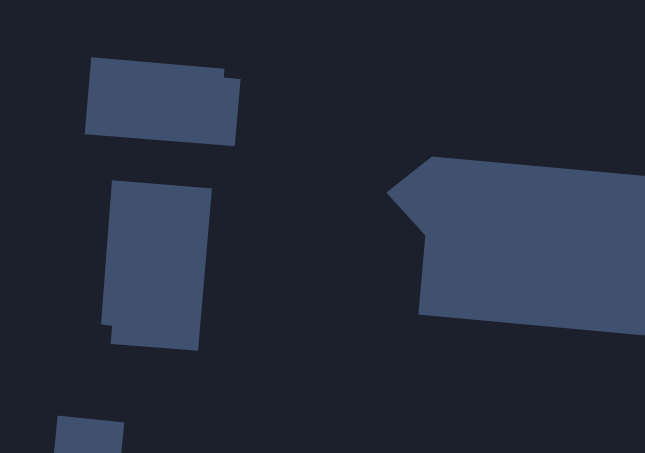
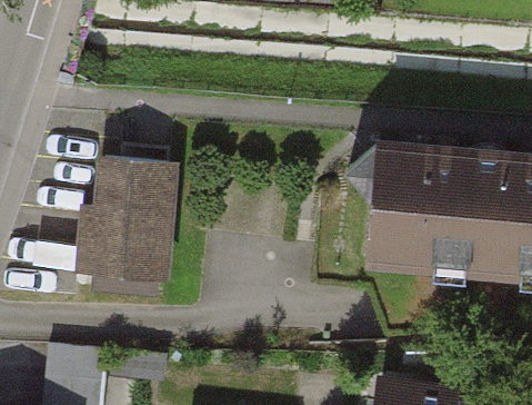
building: [84,57,241,147] -> none

